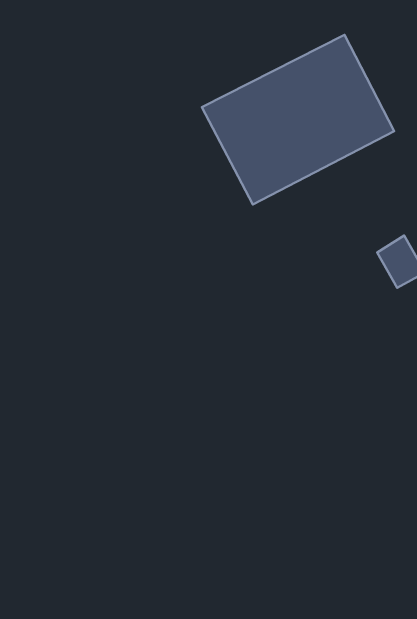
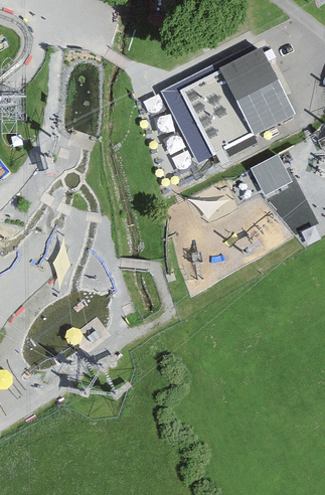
building: none -> [249,153,289,194]

